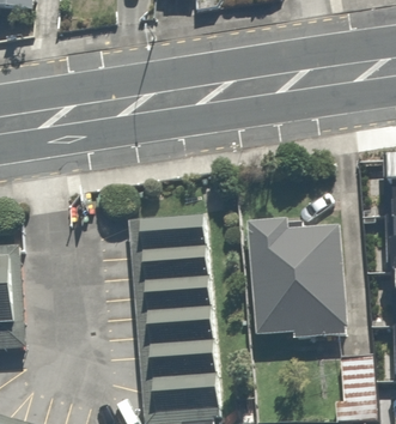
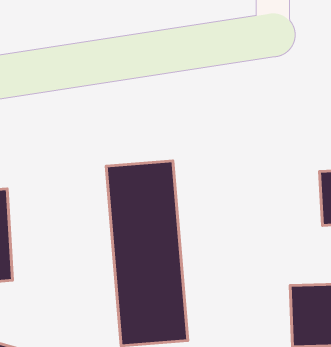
building: [249,220,352,338] -> none

